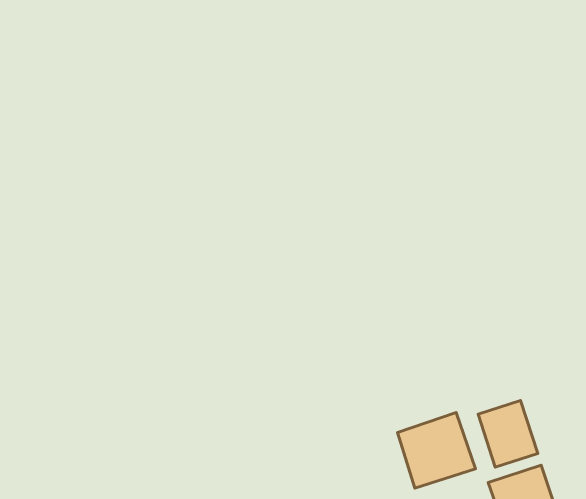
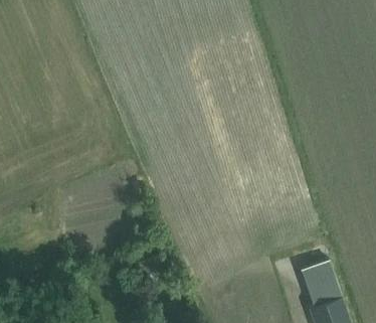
building: [398,412,475,488] -> none

